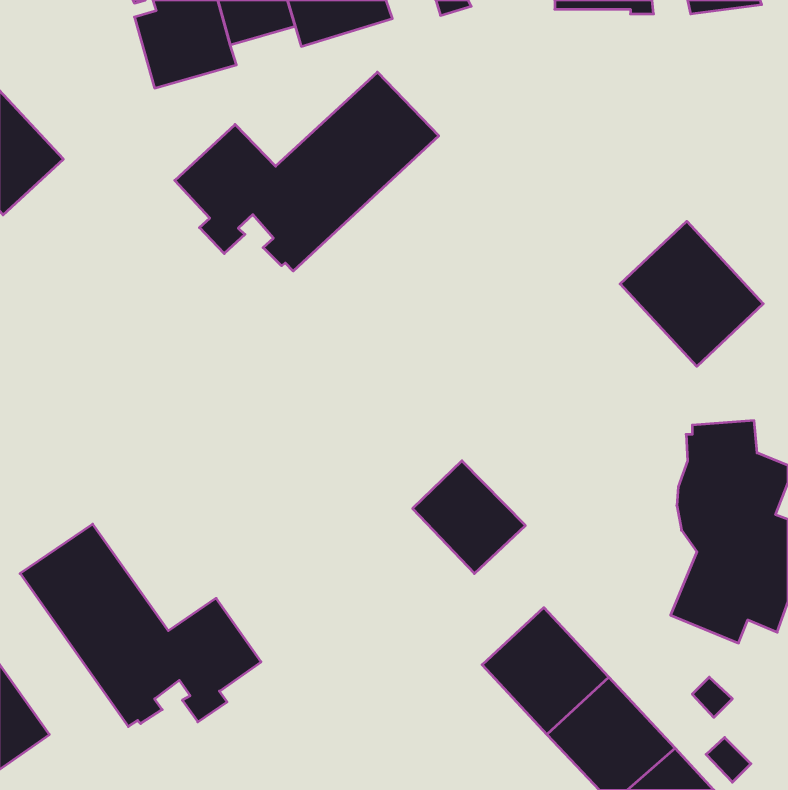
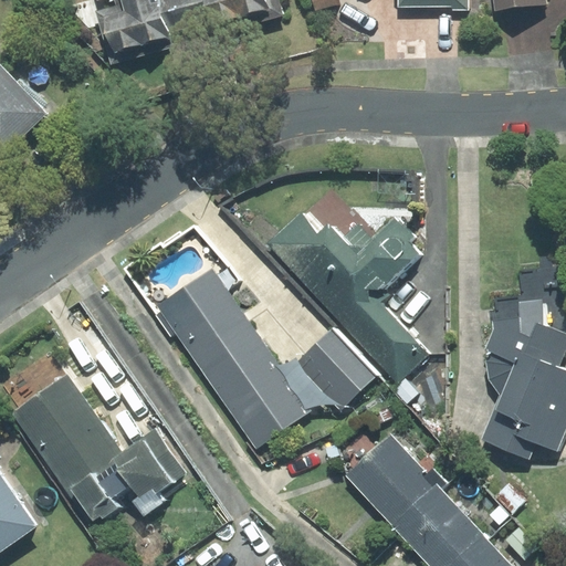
building: [175,72,439,271] -> none
building: [620,221,763,366] -> none
building: none -> [266,189,429,384]
building: none -> [157,269,310,448]

